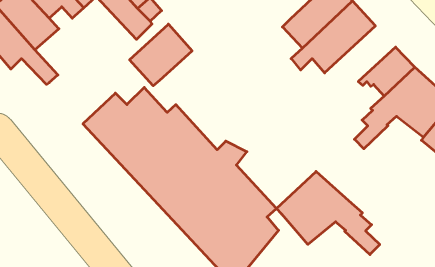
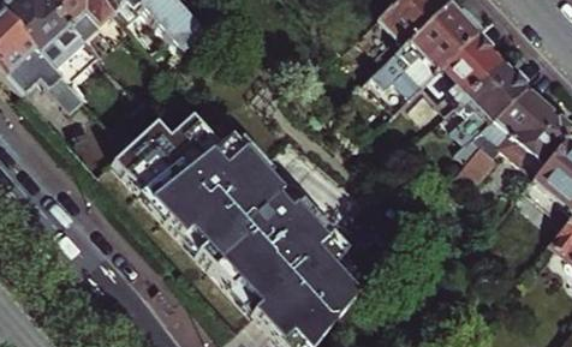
building: [130,24,192,86] -> none
building: none -> [415,34,504,119]
building: [277,171,380,255] -> none

